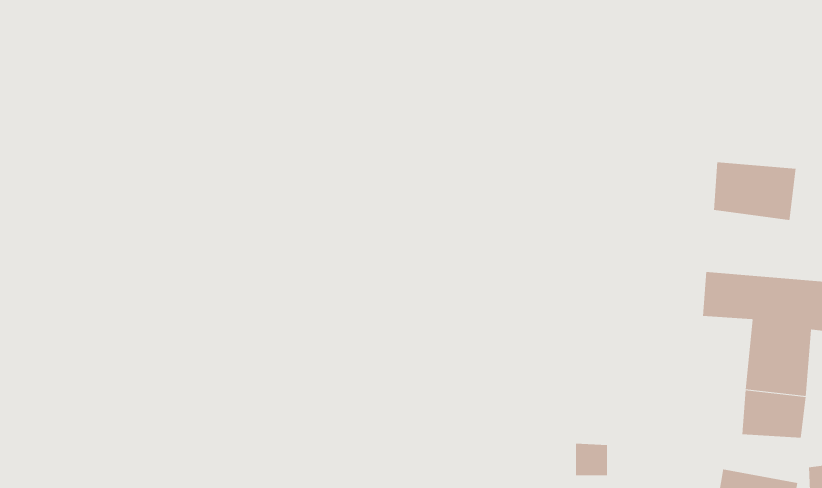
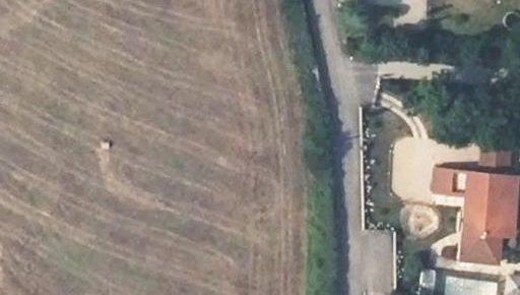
building: [713,162,796,221] -> none

